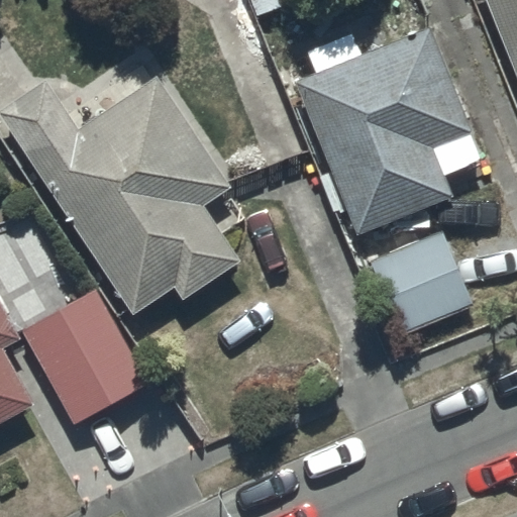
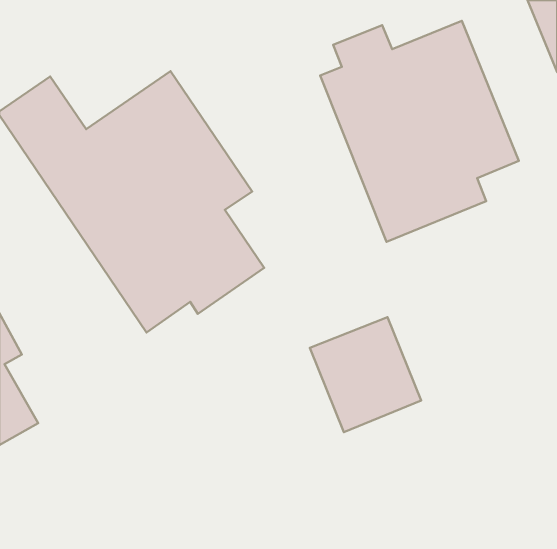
building: [369,232,472,338] -> [310,317,421,432]
building: [22,292,146,423] -> none

